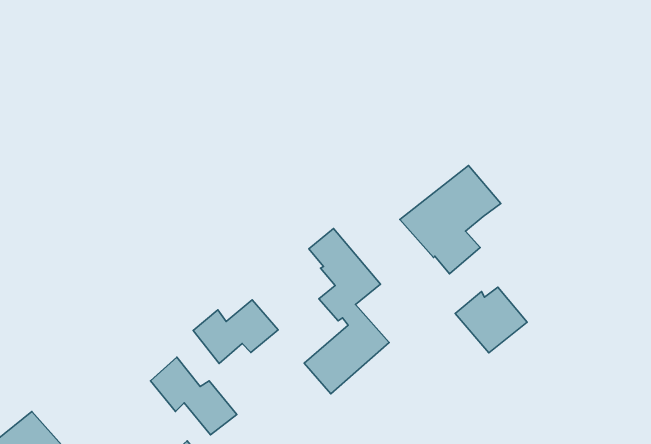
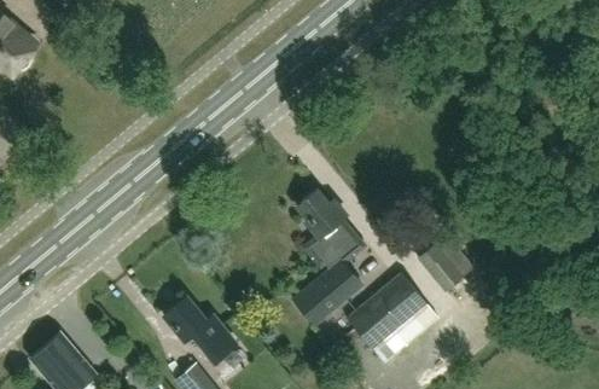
building: [400,165,501,274] -> [345,272,429,361]
building: [193,300,278,363] -> none

